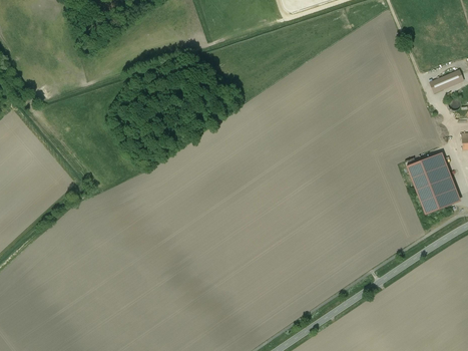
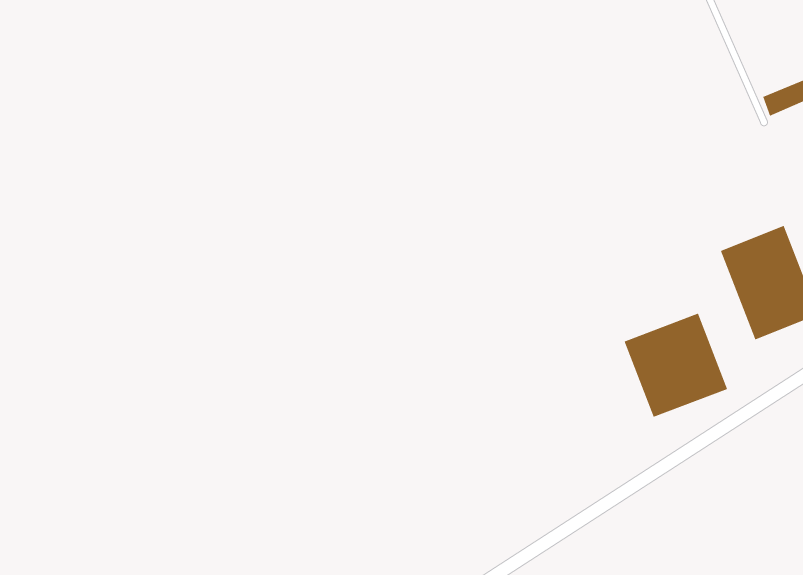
building: none -> [624,313,728,418]

